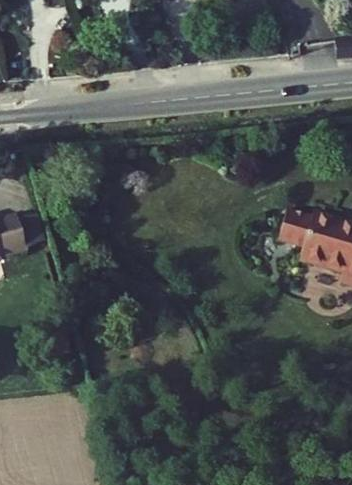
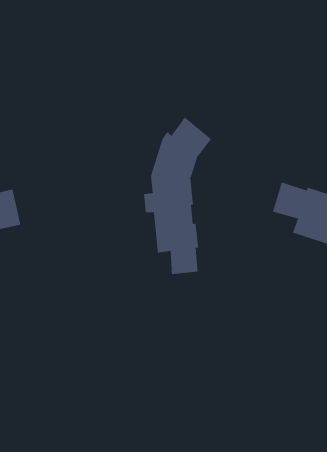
building: none -> [143,117,212,275]

